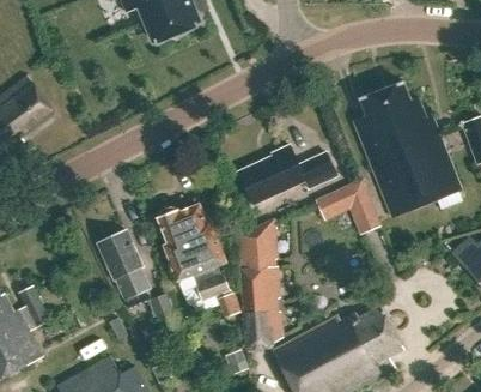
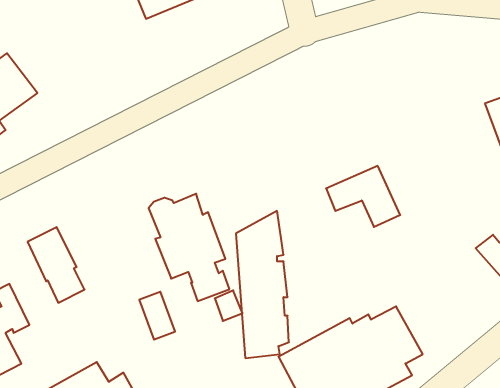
building: [353,80,461,217] -> none
building: [238,144,337,204] -> none
building: [98,231,150,300] -> [28,227,85,303]

